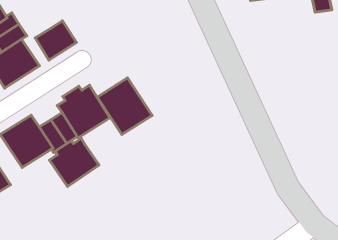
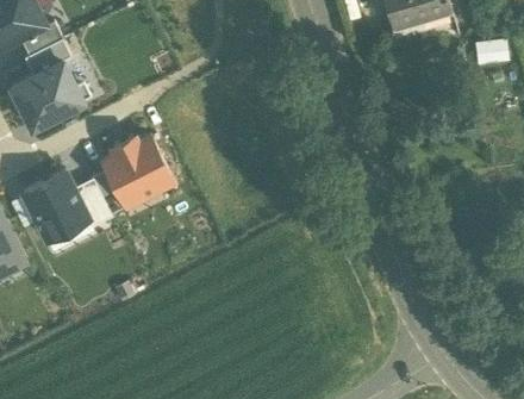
building: [35,21,76,60] -> none
building: [97,78,152,135] -> none
building: [49,138,99,186] -> none

